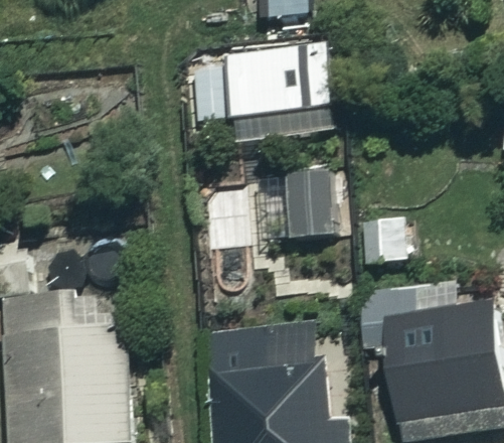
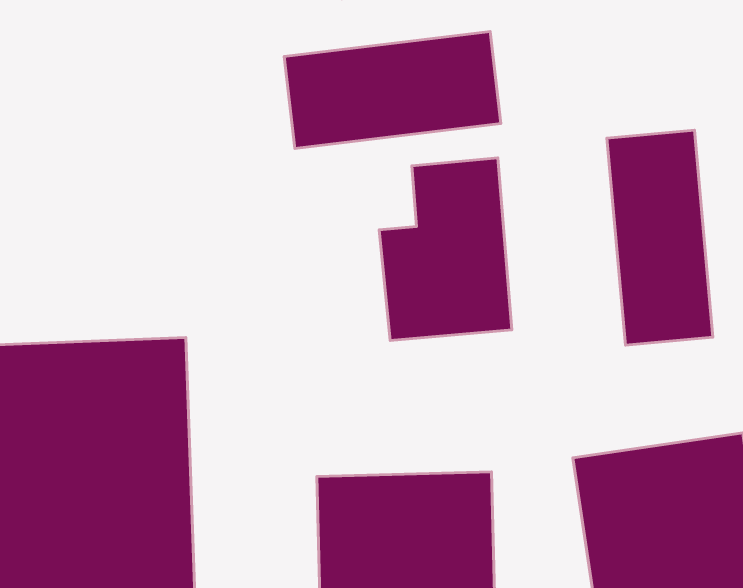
building: none -> [607,130,713,345]

